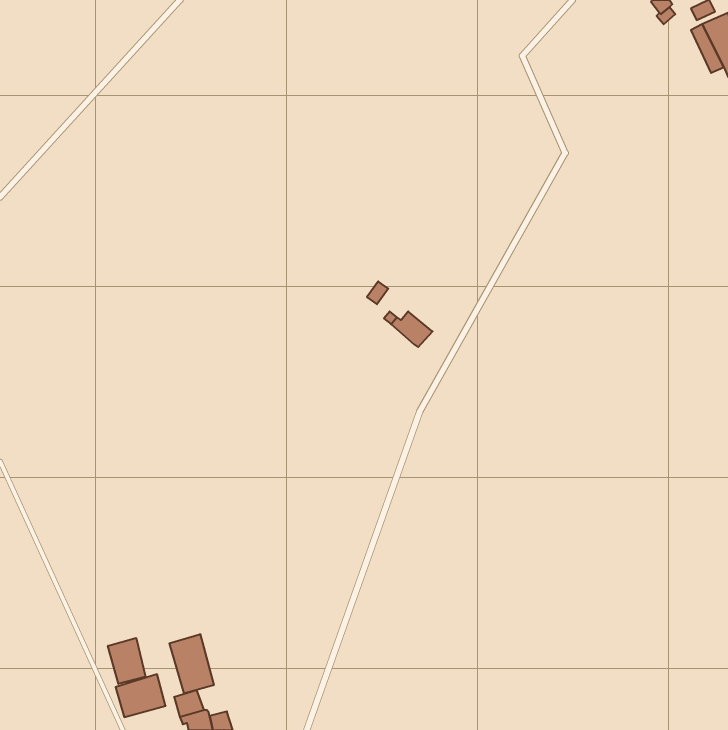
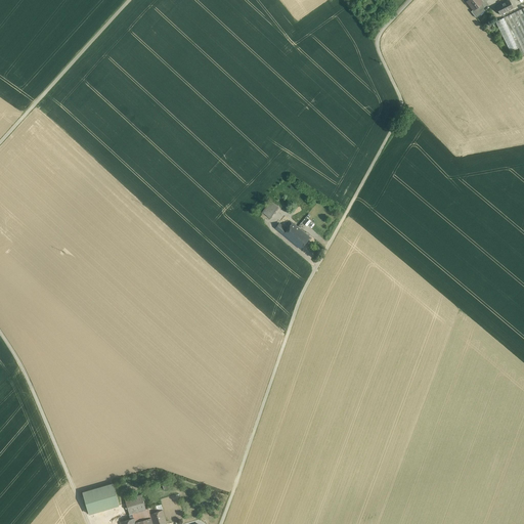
building: [169,634,214,694] -> none
building: [108,638,146,684] -> none

